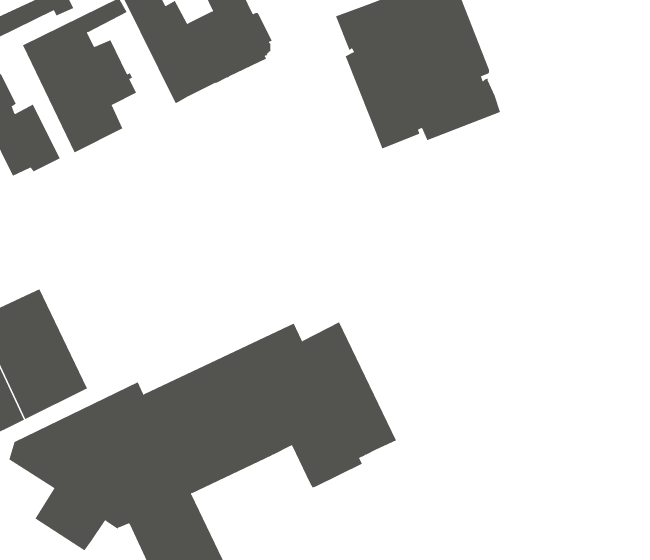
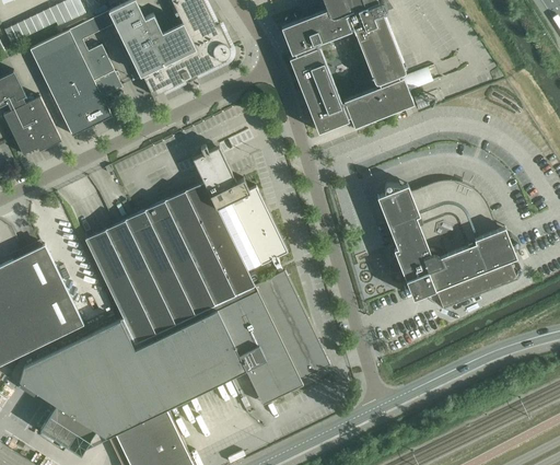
building: none -> [84,147,287,329]
building: none -> [376,182,516,309]

